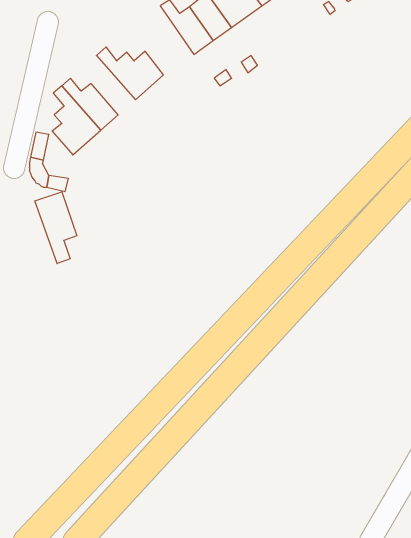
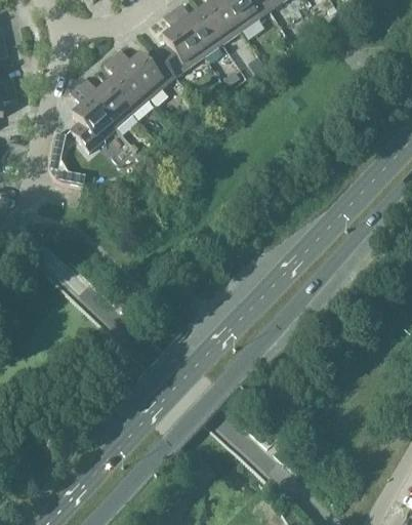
building: none -> [159,9,205,75]
building: none -> [105,56,150,113]
building: [35,192,77,264] -> none

